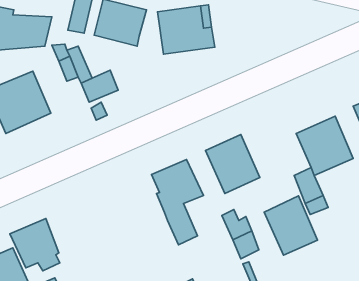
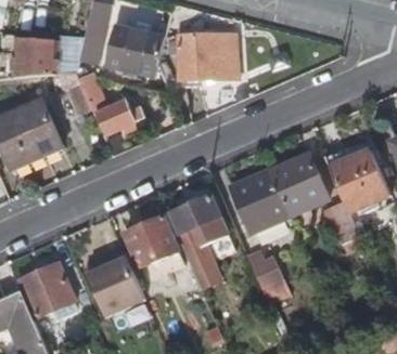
building: none -> [125,217,183,280]
building: [264,196,318,255] -> [267,153,324,217]
building: none -> [84,251,144,317]

